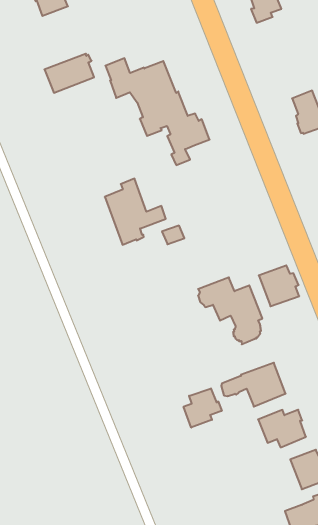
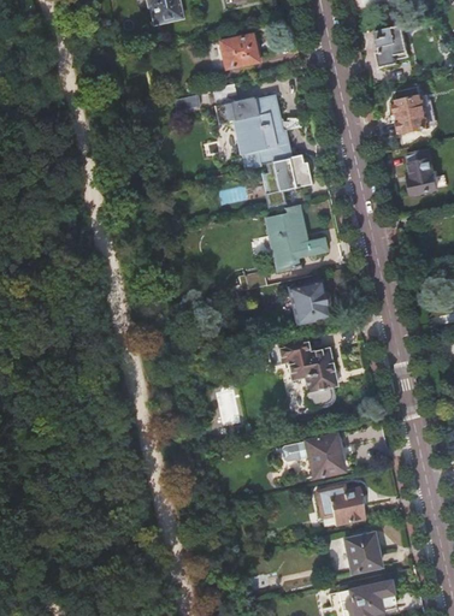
building: none -> [393,95,429,132]
building: [44,54,94,93] -> [205,35,257,71]
building: [105,179,166,245] -> [265,203,326,272]
building: [259,265,299,306] -> [288,282,329,322]
building: [184,388,222,428] -> none

